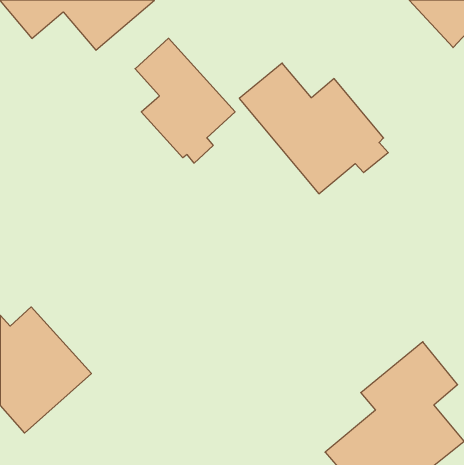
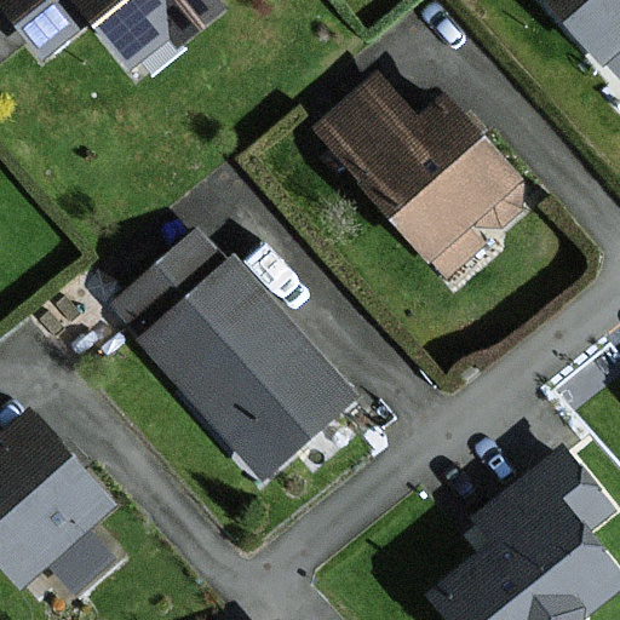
building: [135,38,235,163] -> none
building: none -> [125,237,352,476]

